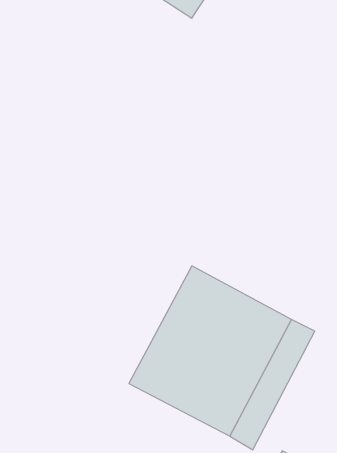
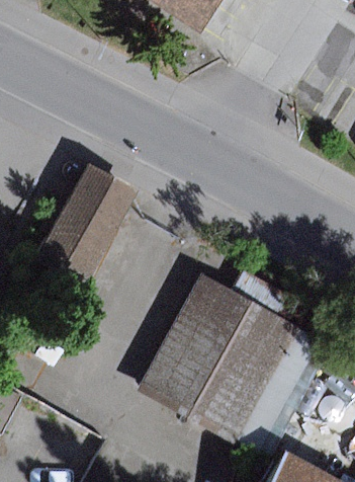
building: none -> [36,167,131,279]

